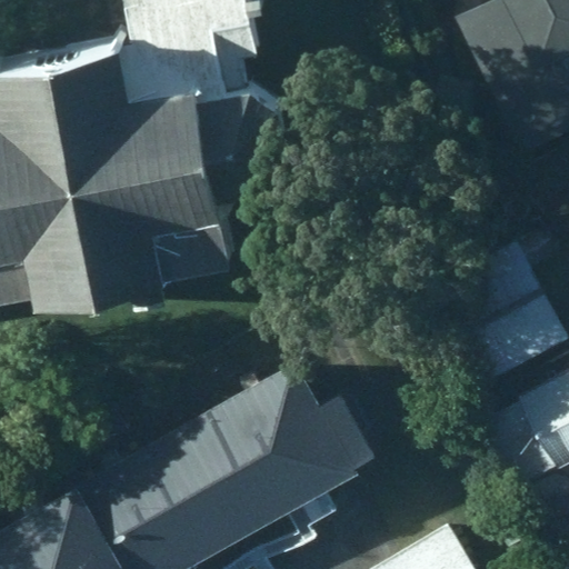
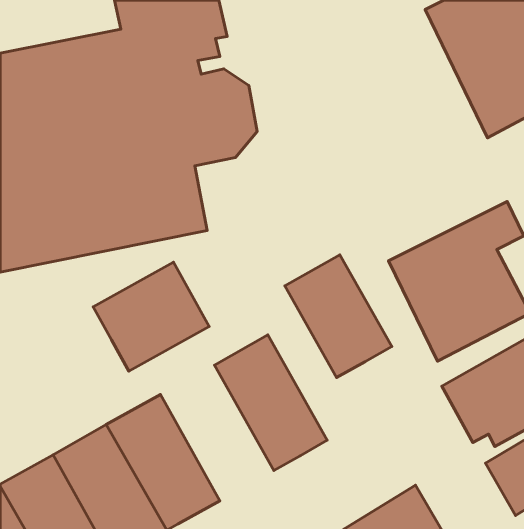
building: none -> [285,255,392,378]
building: none -> [93,262,209,371]
building: [180,393,301,538] -> none

